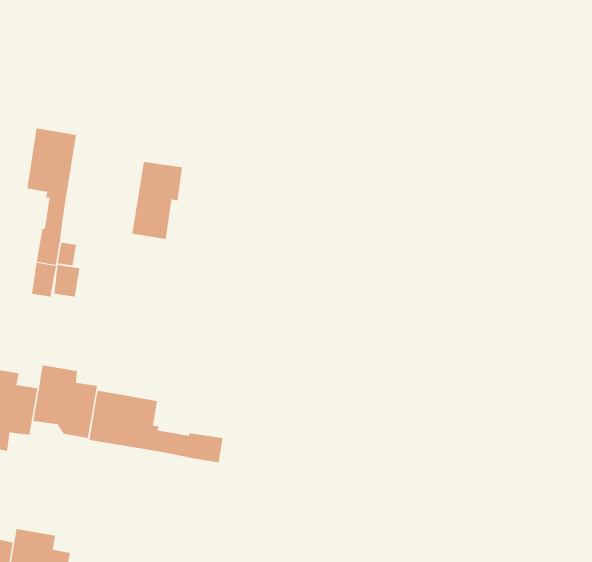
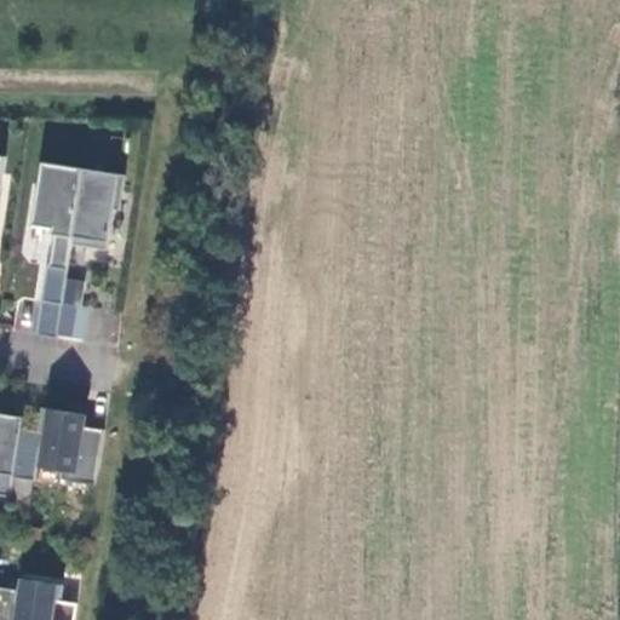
building: [131,161,183,240] -> [69,170,122,251]
building: [89,390,223,464] -> none

